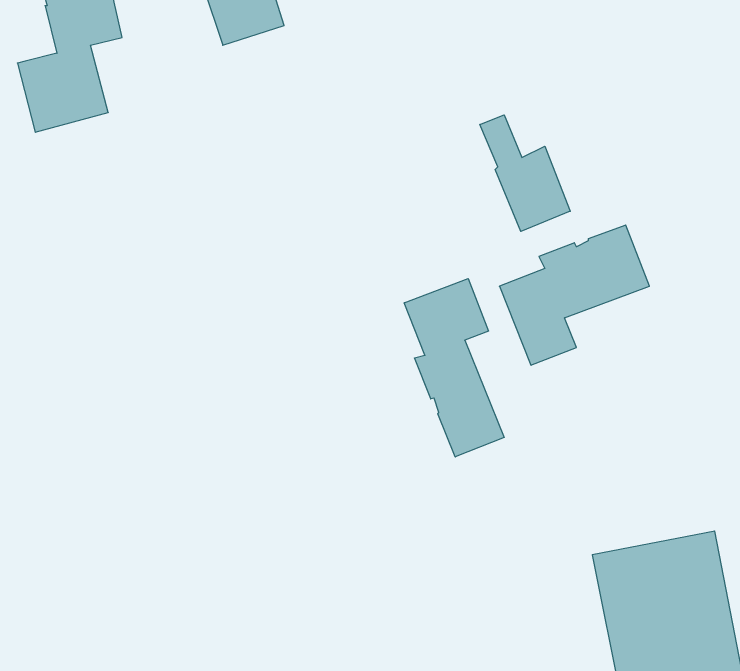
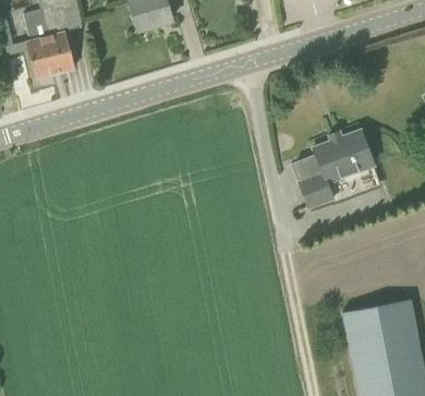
building: [480,115,570,231] -> none
building: [404,279,504,457] -> none

